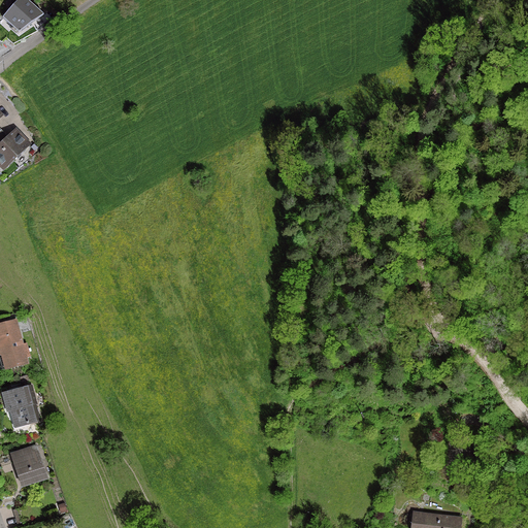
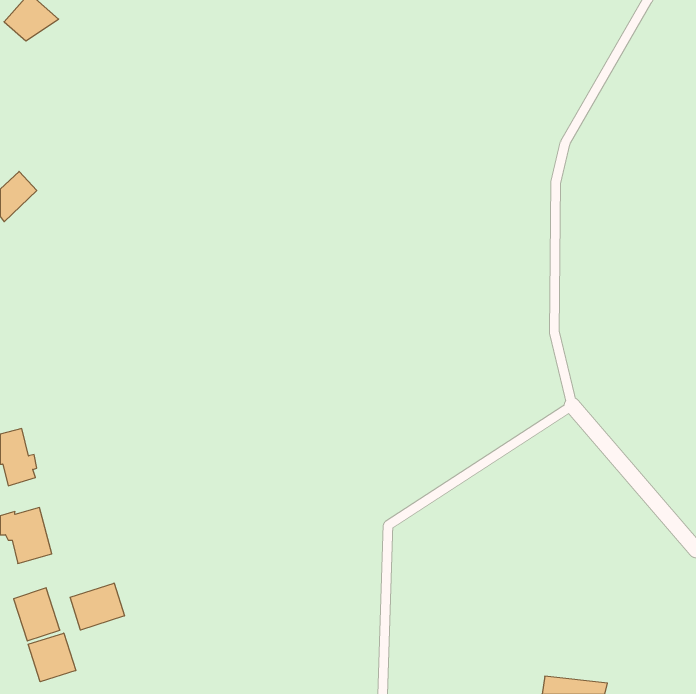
building: none -> [70,583,124,630]
building: none -> [28,633,76,682]

